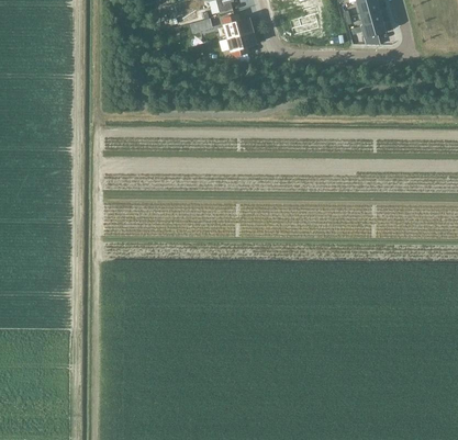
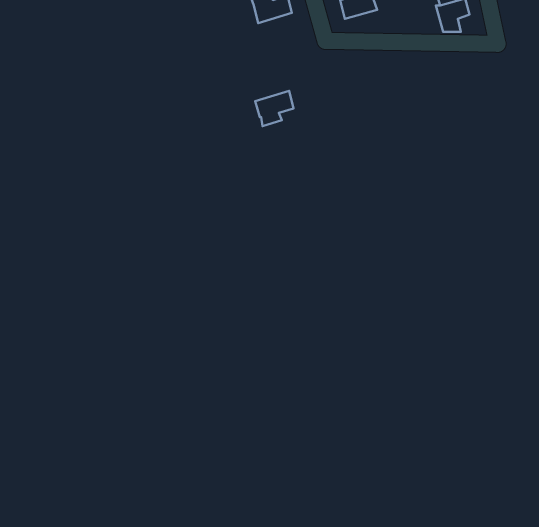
building: [227,31,256,57] -> [255,91,293,126]

